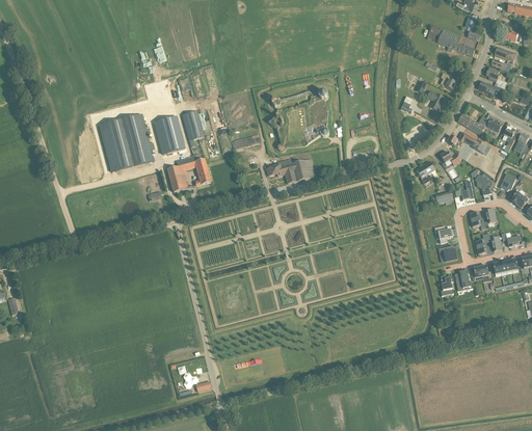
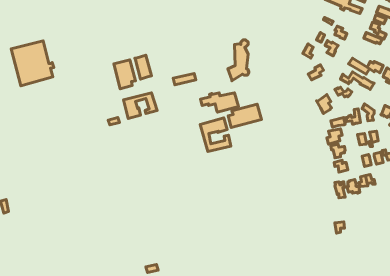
building: [99,114,154,172] -> [11,41,54,86]
building: none -> [228,104,261,128]
building: none -> [200,118,231,151]

